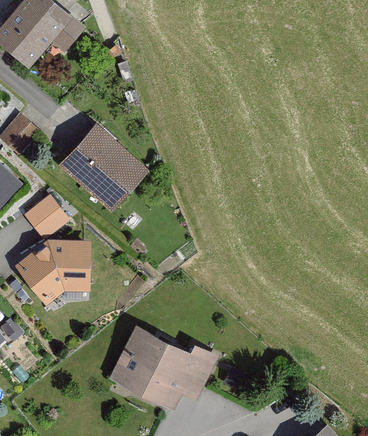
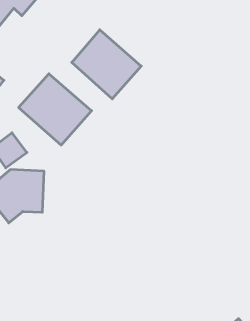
building: none -> [72,30,141,99]
building: [110,327,219,411] -> none

